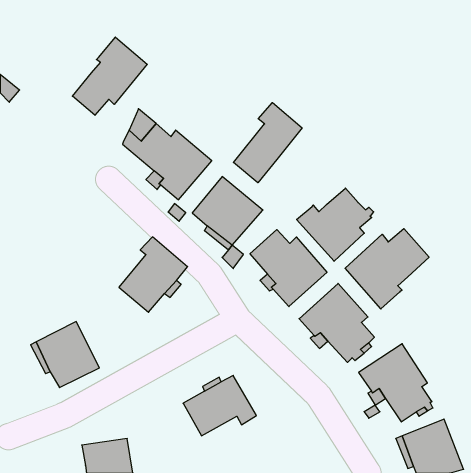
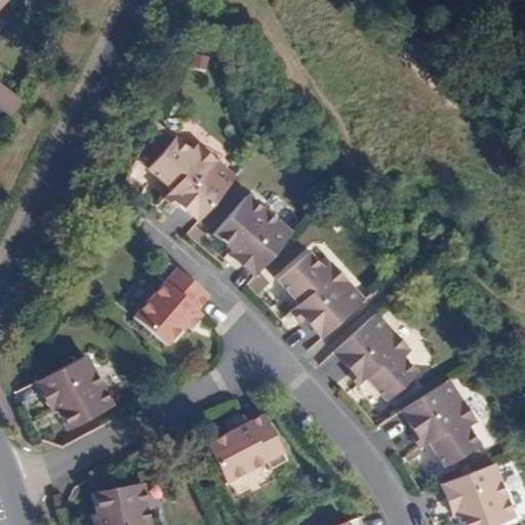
building: [72,37,147,115] -> none
building: [233,103,302,183] -> none
building: [297,188,374,261] -> none
building: [345,229,429,309] -> none

